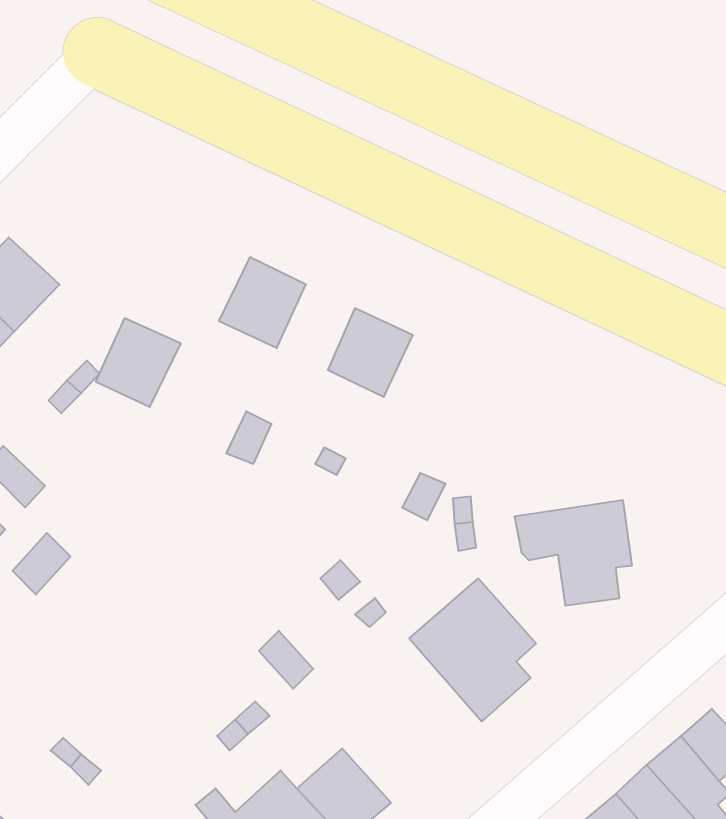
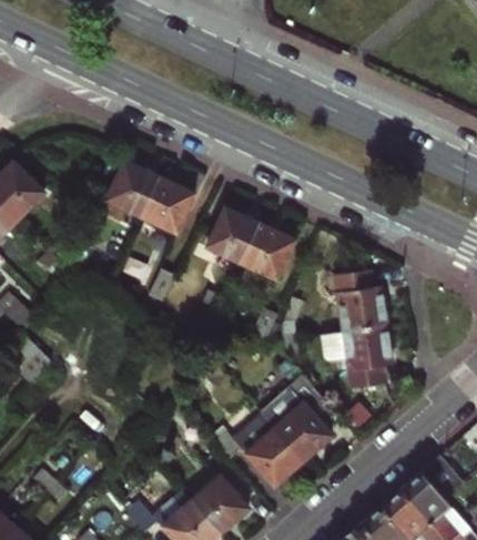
building: [96,318,181,407] -> [108,161,160,215]
building: none -> [242,224,295,278]
building: none -> [336,271,388,332]
building: none -> [210,417,302,486]

